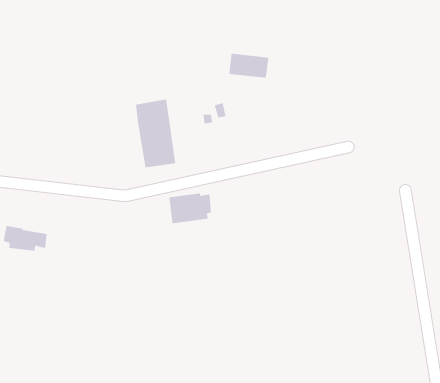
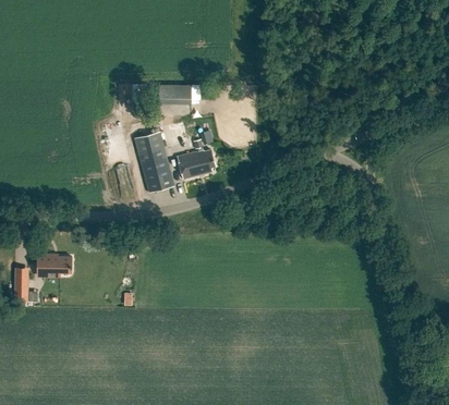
building: [228,53,269,79] -> [158,83,191,101]
building: [169,193,212,224] -> [177,150,215,180]

